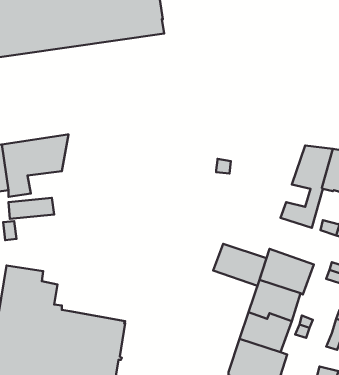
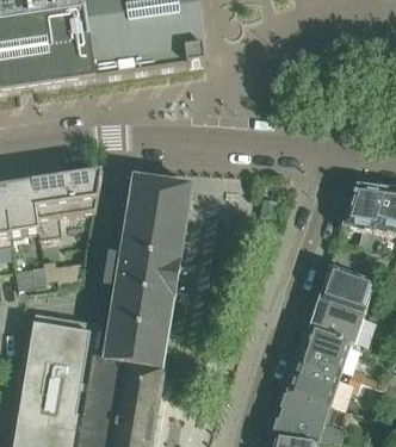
building: none -> [103,173,191,368]
building: [213,244,266,286] -> [317,262,375,308]

